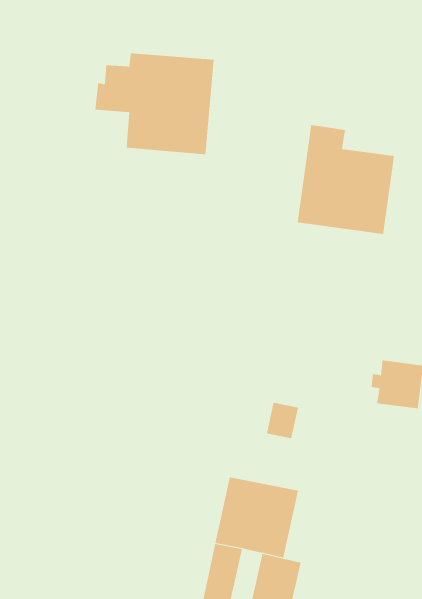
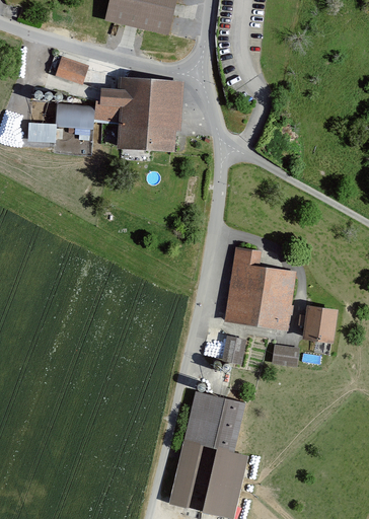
building: none -> [55,58,87,85]
building: none -> [27,102,94,142]
building: [297,124,395,235] -> [223,249,296,331]
building: none -> [271,346,298,368]

